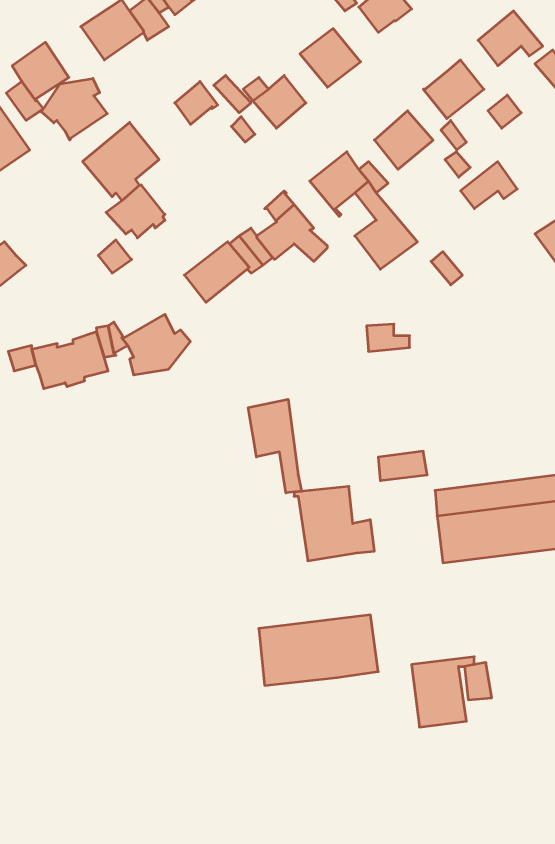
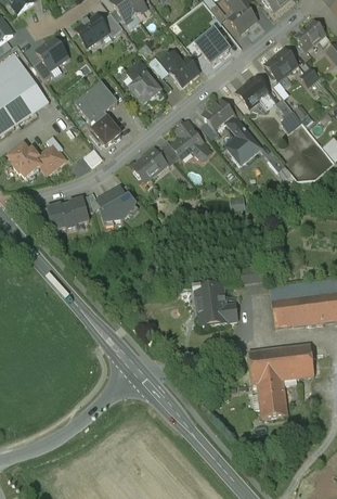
building: [41,78,107,140] -> none
building: none -> [129,74,164,105]
building: none -> [38,136,65,175]
building: [248,399,302,493] -> none
building: [259,615,378,685] -> [248,344,314,383]

